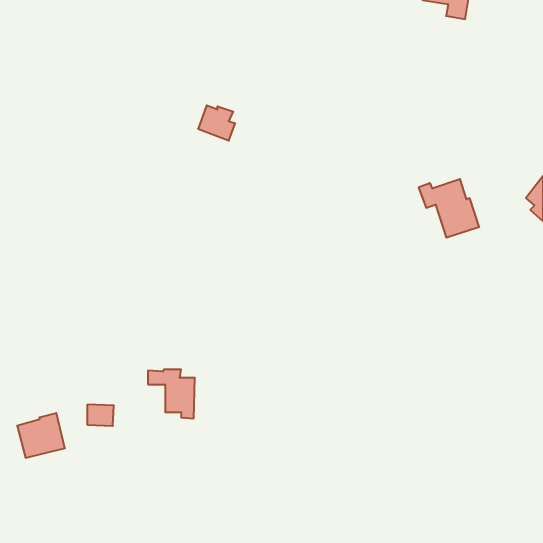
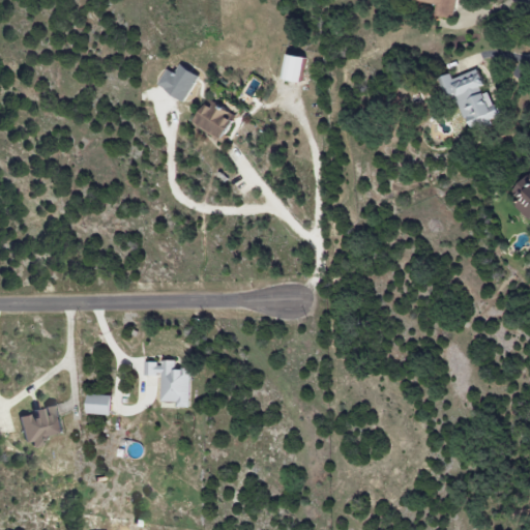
building: none -> [279,54,303,83]
building: none -> [156,64,198,101]
building: [419,179,479,238] -> [439,68,498,125]

